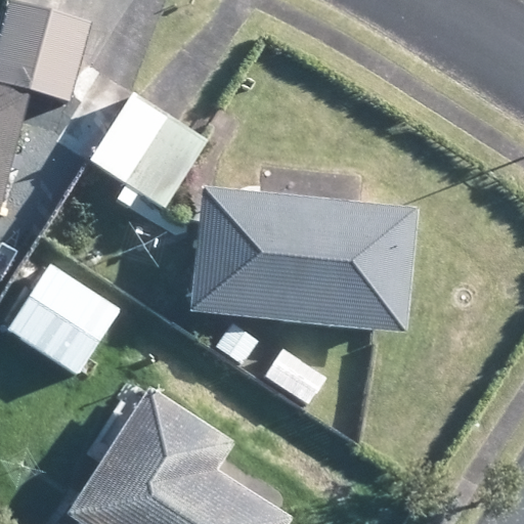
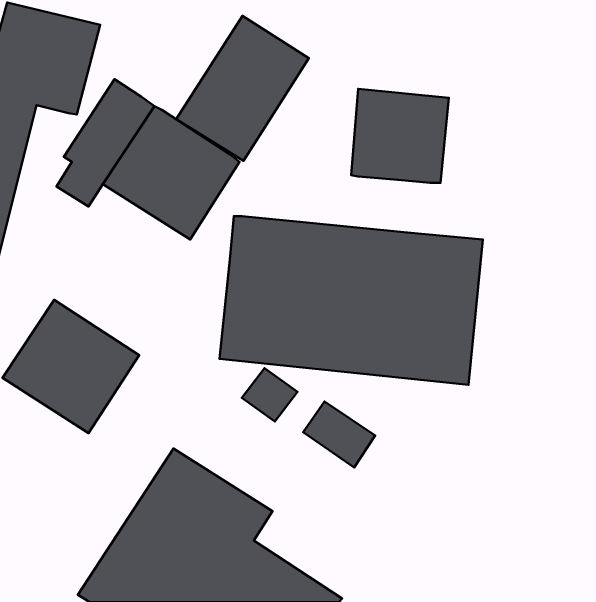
building: none -> [176,16,309,161]
building: none -> [351,89,449,183]

